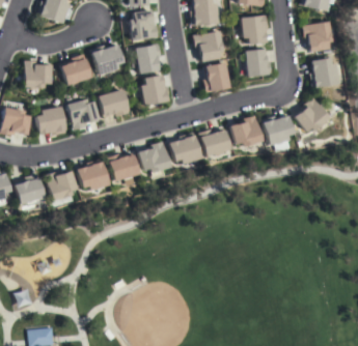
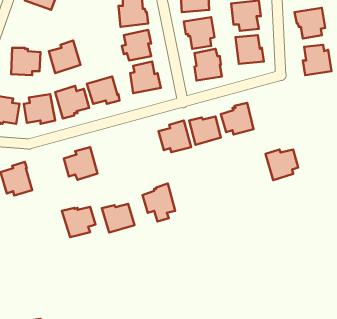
building: [91,45,125,76] -> none
building: [296,97,331,132] -> none
building: [263,116,295,146] -> [266,149,298,180]
building: [138,141,170,178] -> [143,183,175,221]
building: [107,153,139,181] -> [102,204,135,232]
building: [44,171,77,201] -> [62,207,95,237]

